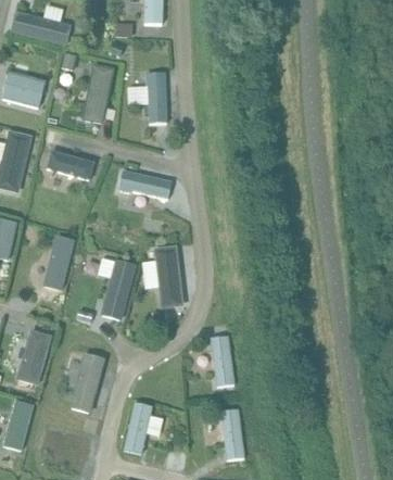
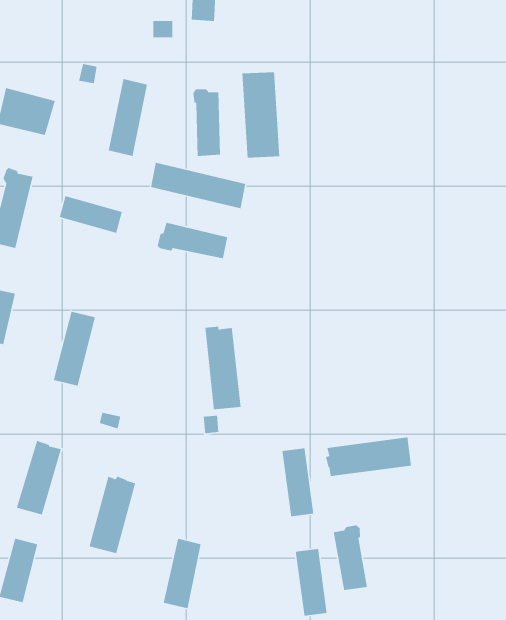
building: [12,12,71,43] -> none
building: none -> [242,71,280,158]
building: none -> [150,162,246,209]
building: [101,258,137,319] -> none
building: none -> [325,437,412,477]
building: none -> [333,524,368,591]

